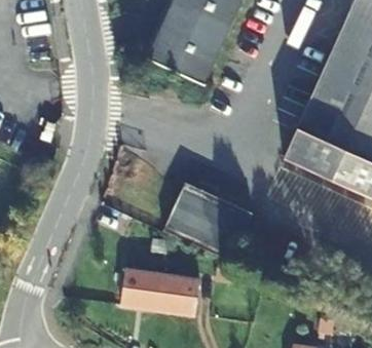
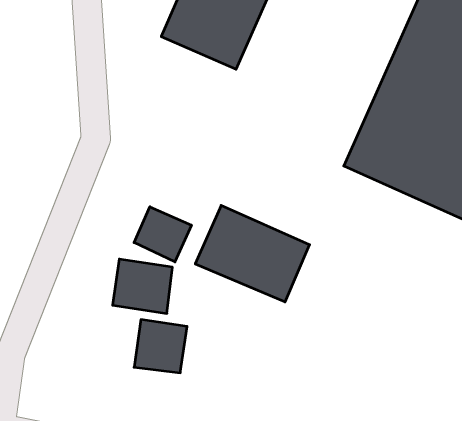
building: none -> [134,207,191,262]
building: [158,275,203,316] -> [113,259,172,313]

